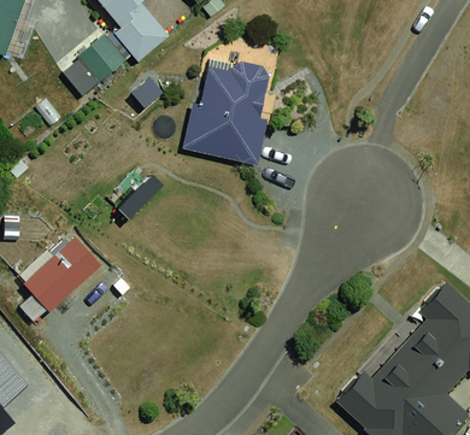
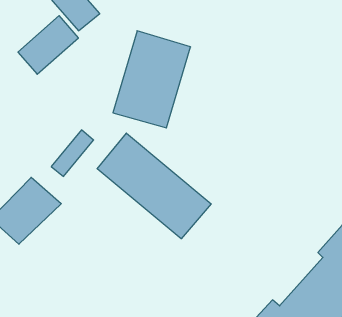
building: none -> [97,133,211,239]

